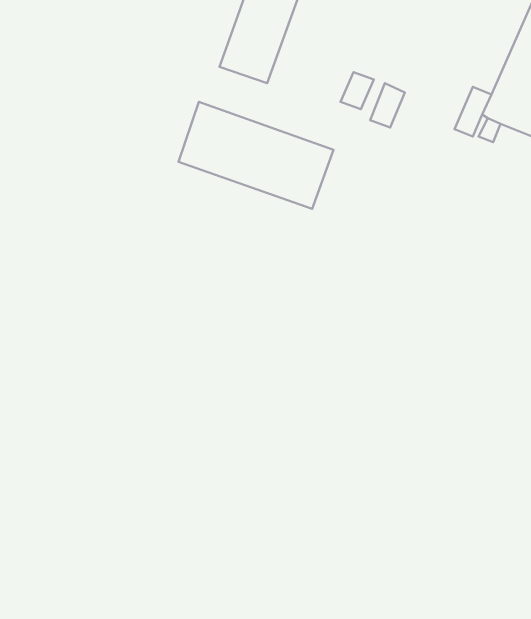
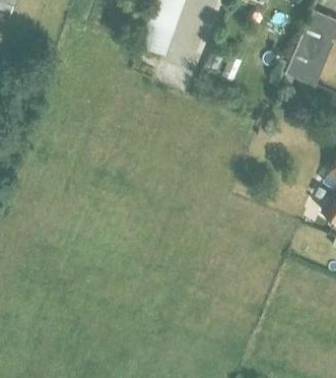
building: [178,102,334,209] -> none

